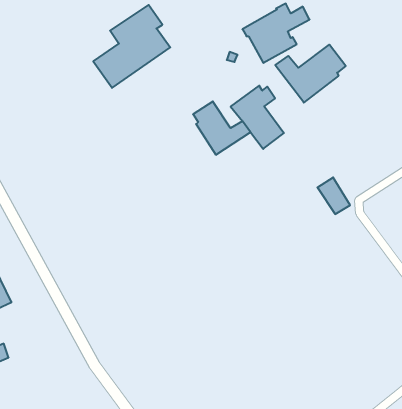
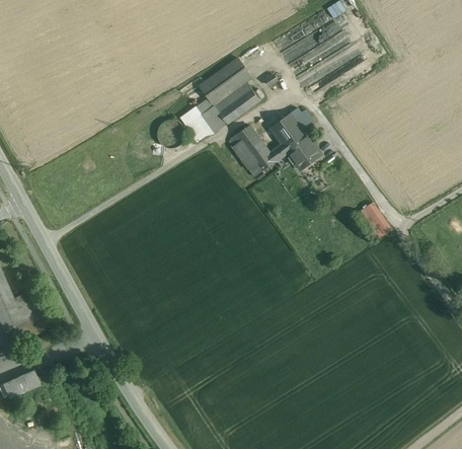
building: [93,5,170,88] -> [180,57,259,142]
building: [275,45,346,103] -> none

